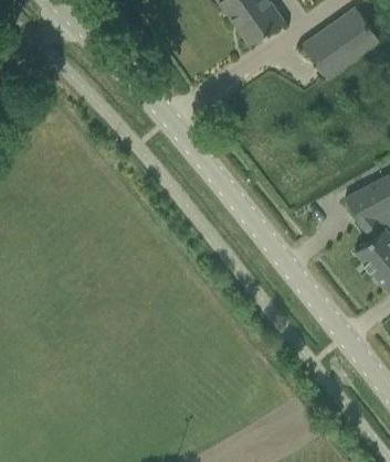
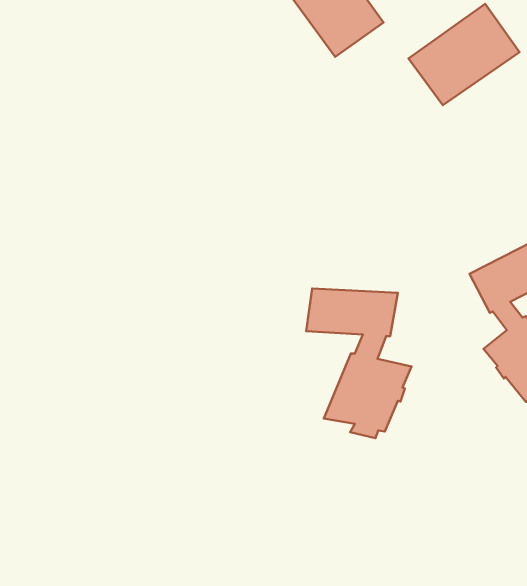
building: none -> [306,288,412,438]

